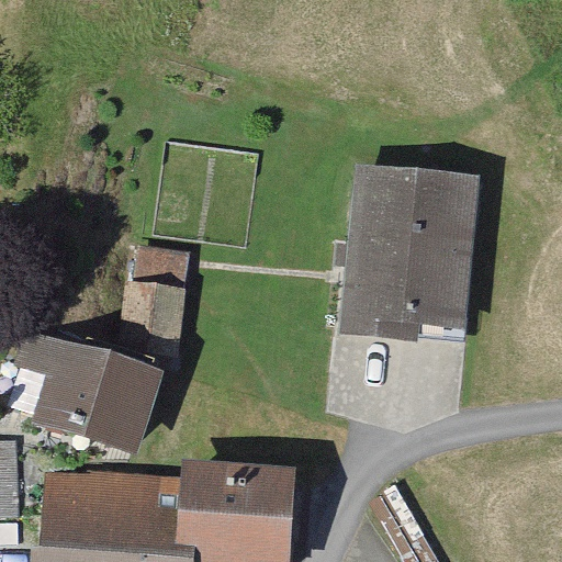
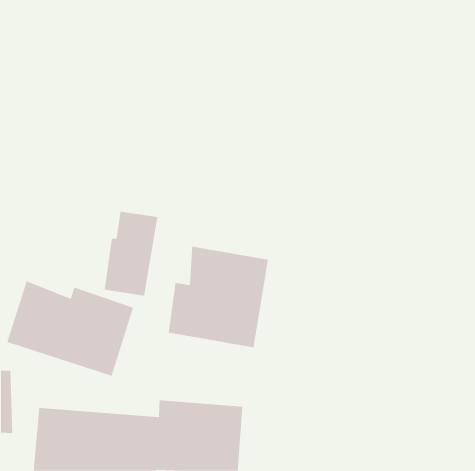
building: [345,173,468,326] -> none
building: none -> [168,246,268,348]

